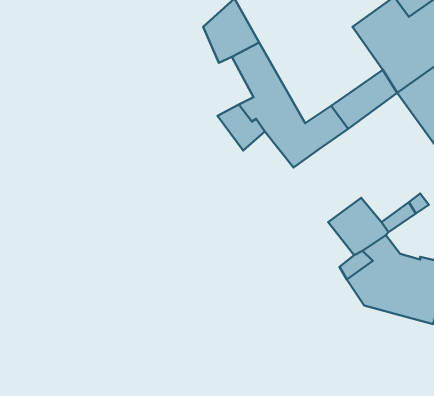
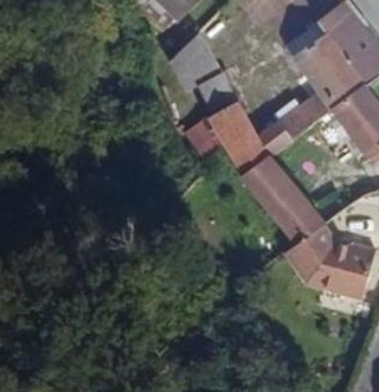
building: none -> [242,156,301,217]

